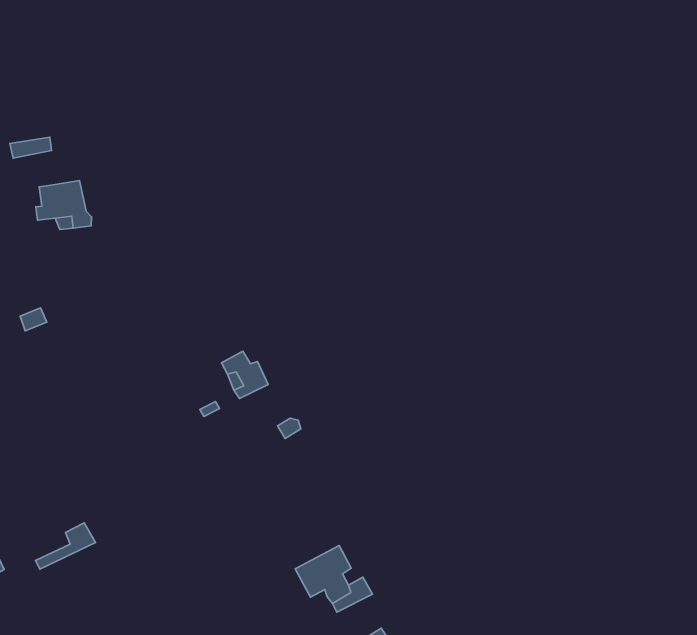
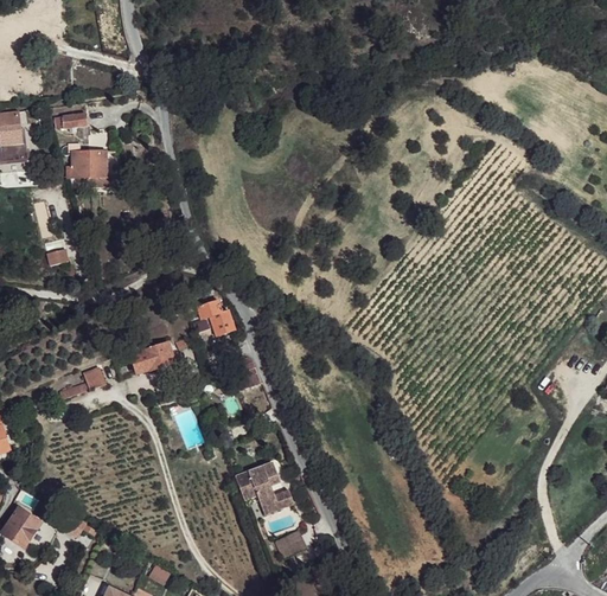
building: none -> [129,339,173,373]
building: [36,523,96,569] -> [57,366,106,398]

